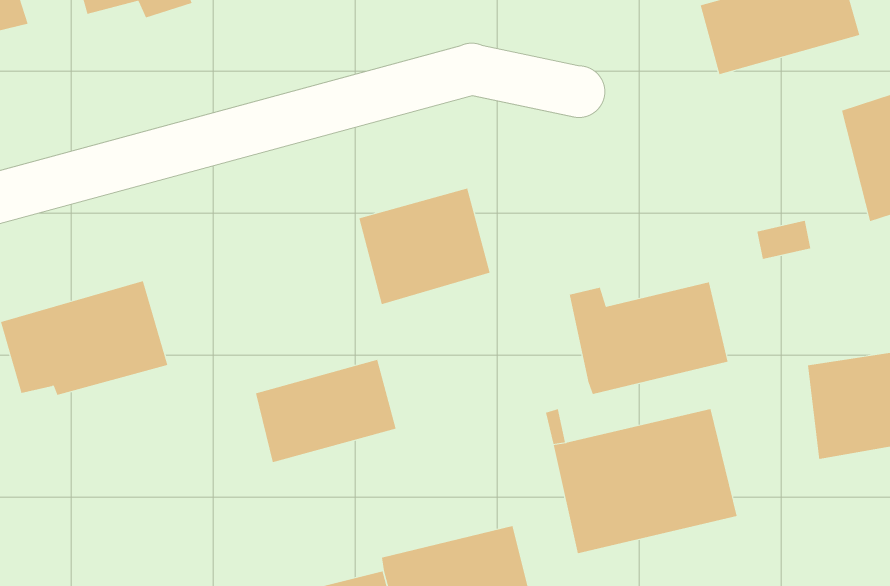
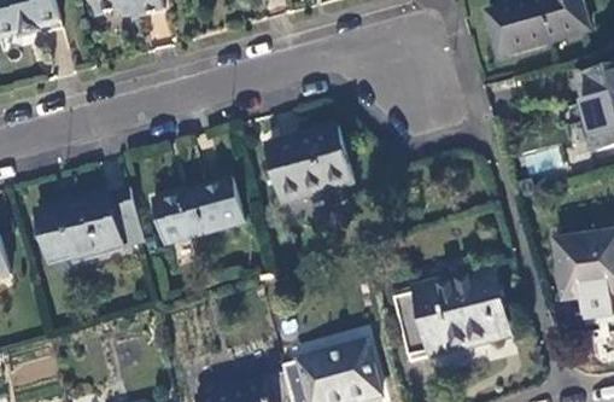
building: [569,282,728,395] -> none
building: [255,359,397,463] -> [157,177,247,244]

